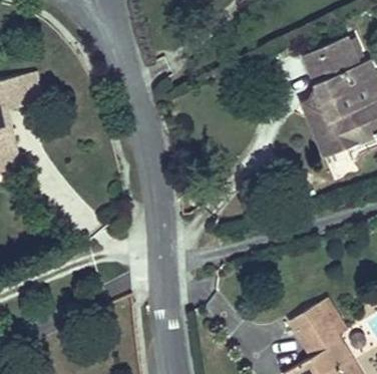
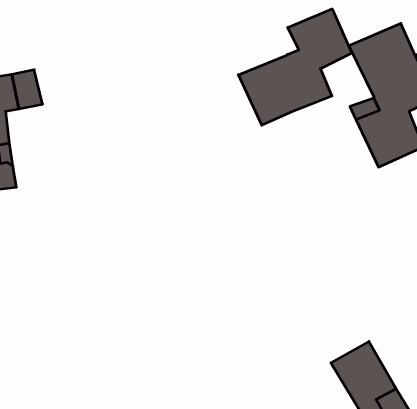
building: none -> [238,9,352,125]

